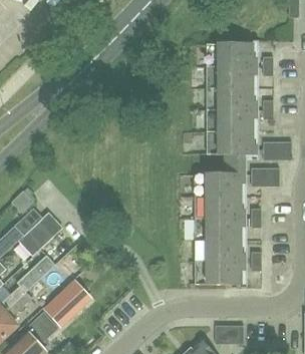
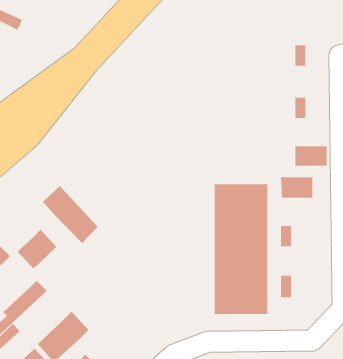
building: [207,44,254,165] -> none
building: none -> [42,185,99,244]

